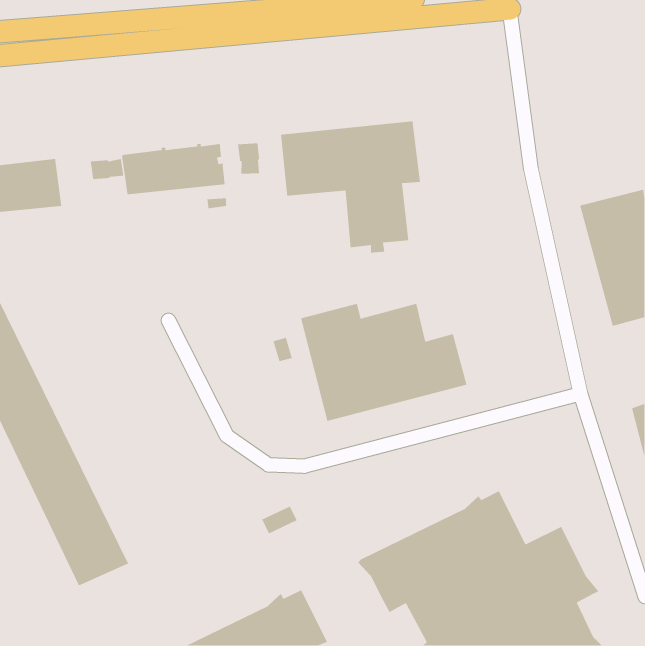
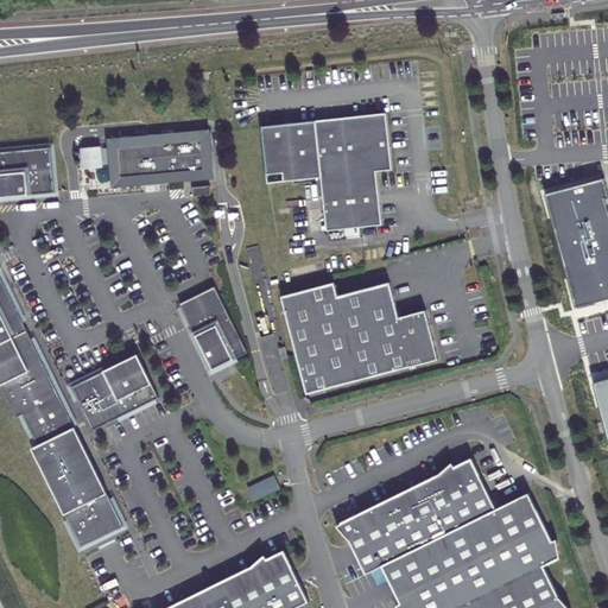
building: [237,143,260,175] -> none
building: none -> [175,284,245,368]
building: none -> [66,353,154,429]

